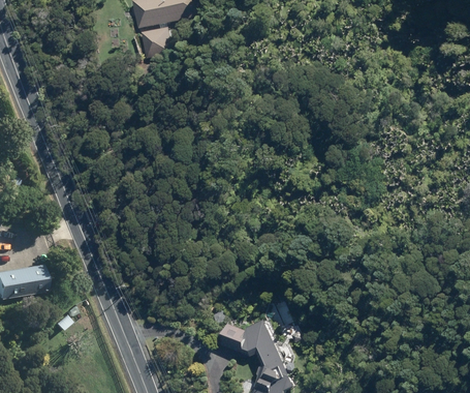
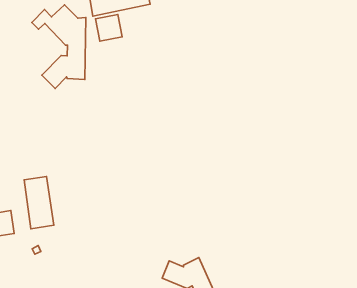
building: none -> [32,5,86,88]
building: none -> [24,176,54,229]

